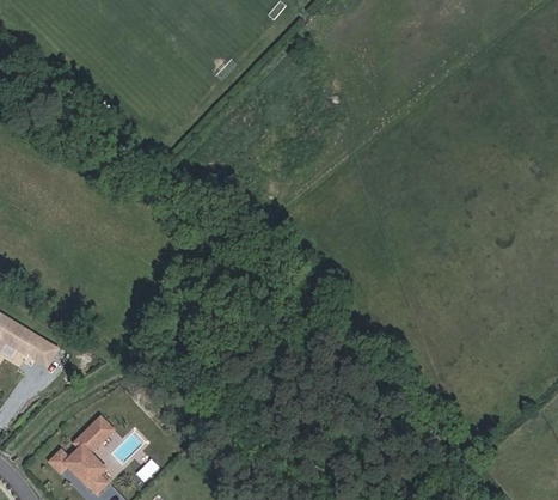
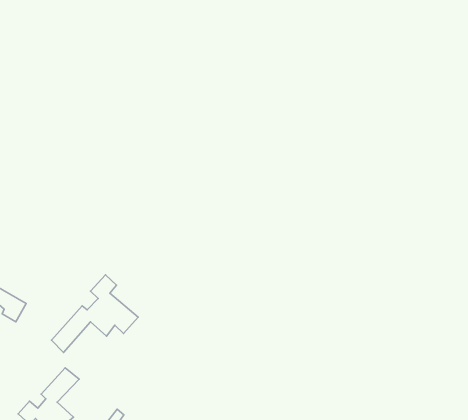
building: none -> [51,275,138,353]

